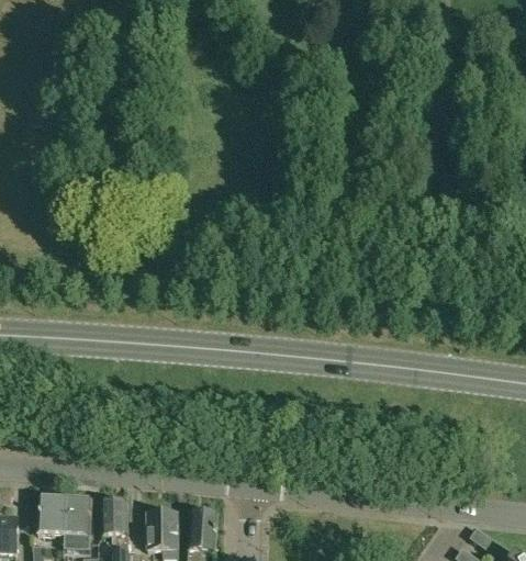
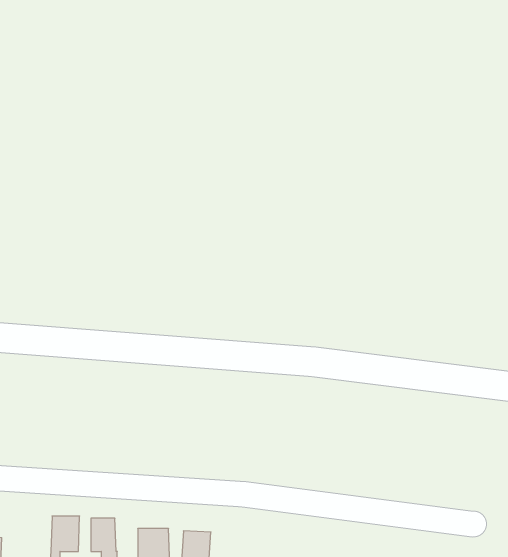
building: [38,496,65,531] -> none

